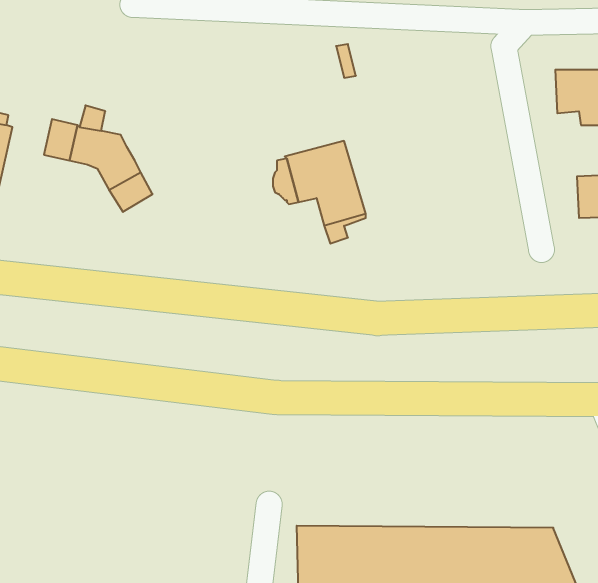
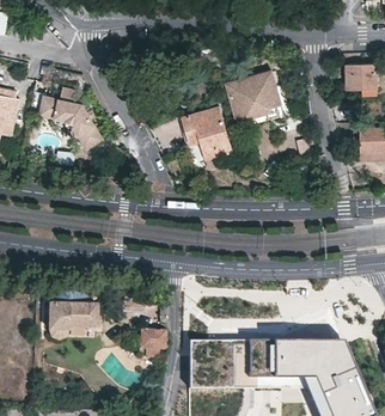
building: none -> [226,71,283,121]
building: none -> [45,300,96,334]
building: none -> [136,326,164,355]

